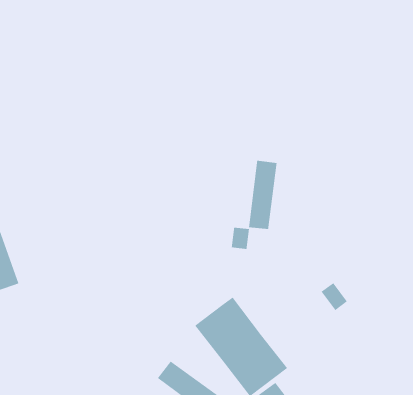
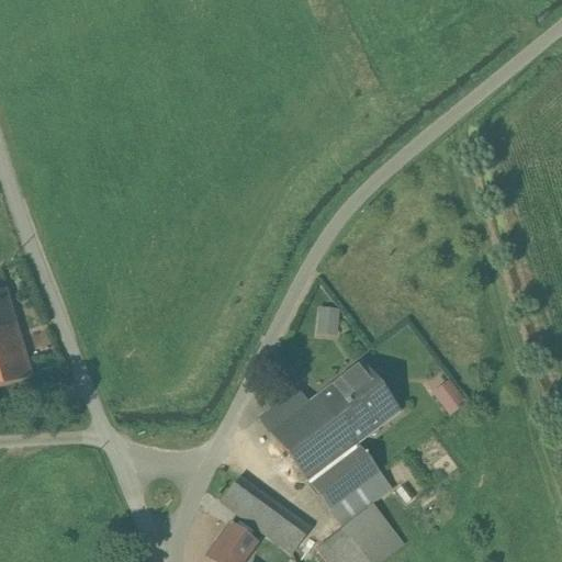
building: [248,160,278,230] -> none
building: none -> [318,362,398,445]
building: none -> [258,390,306,432]

